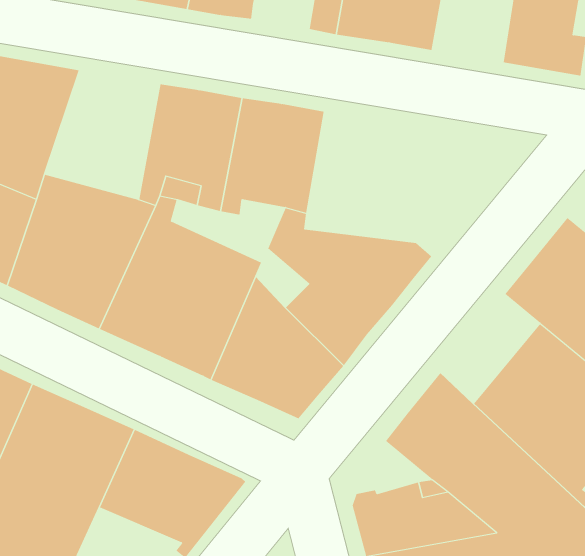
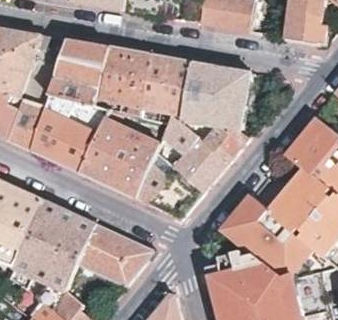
building: none -> [49,40,108,106]
building: none -> [182,61,250,128]

